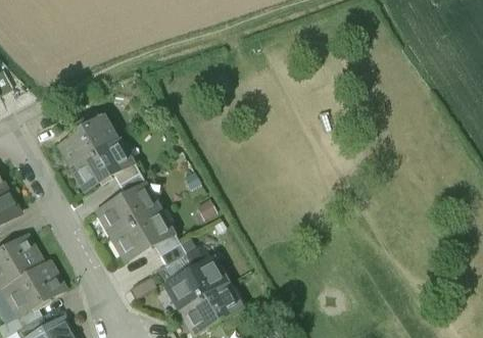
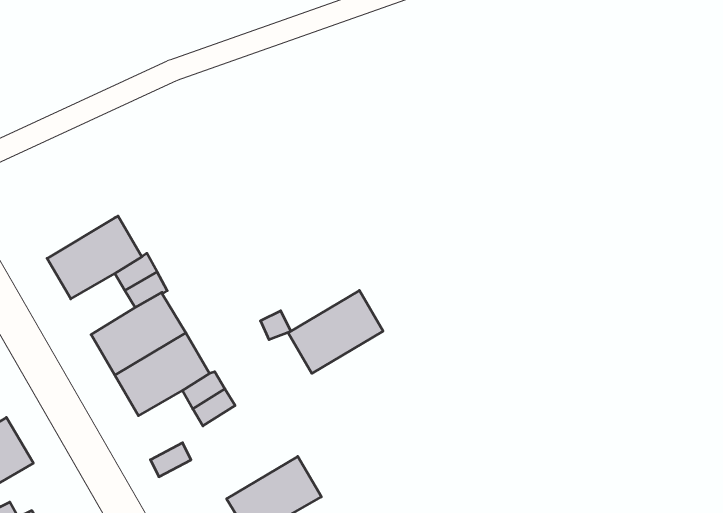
building: [58,114,112,164] -> none
building: [165,259,223,309] -> [288,290,383,373]

